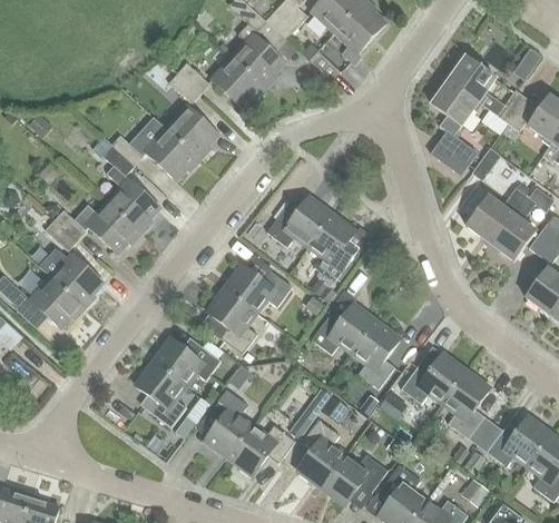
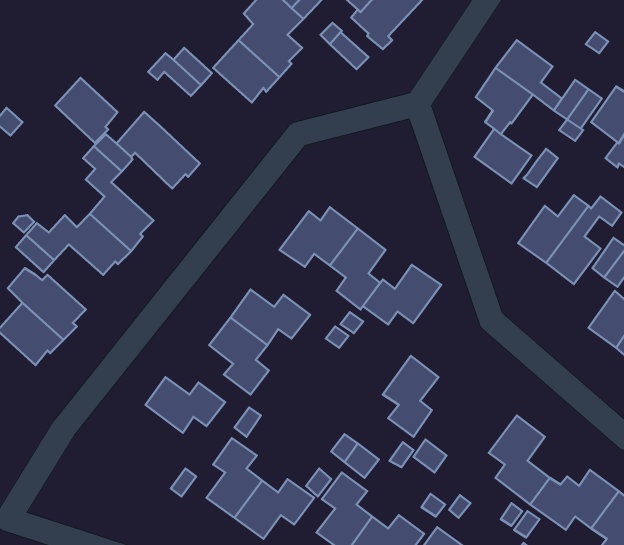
building: [166,105,218,159] -> [55,78,118,143]
building: [311,304,376,354] -> [363,265,441,325]
building: [401,353,465,403] -> none
building: [136,362,186,427] -> none

